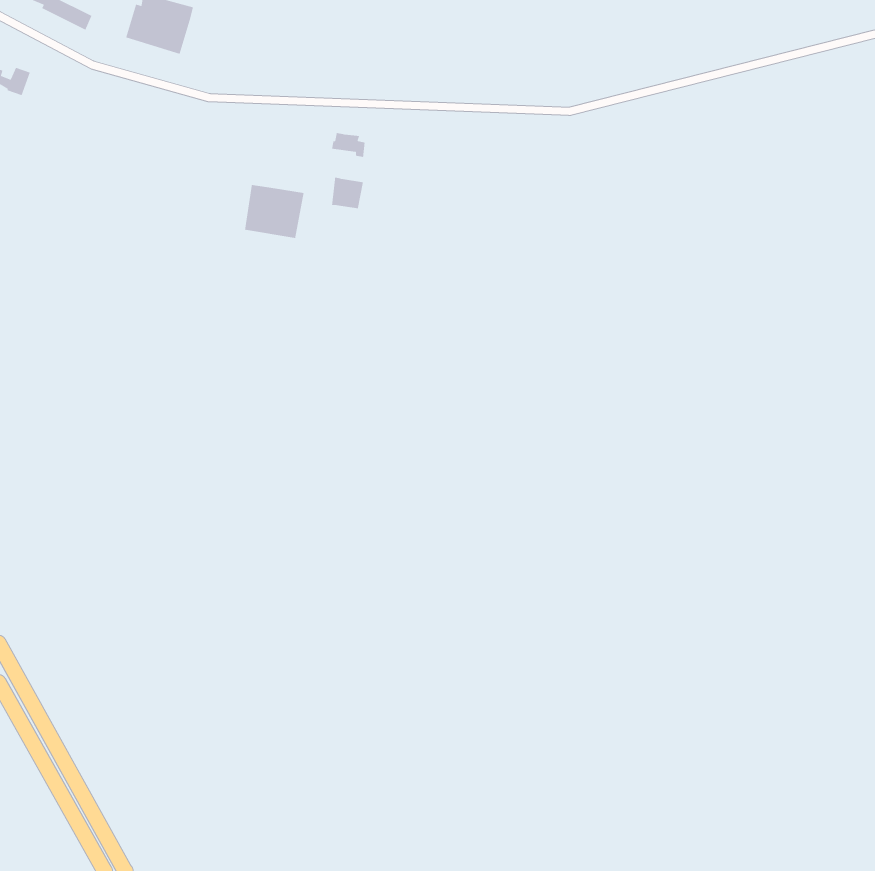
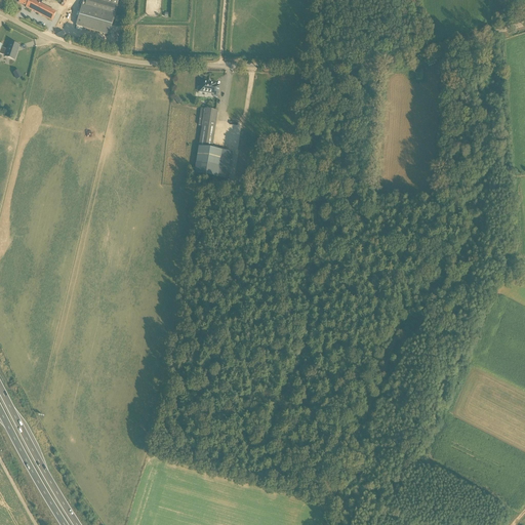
building: [244,184,304,239] -> [194,144,230,176]

